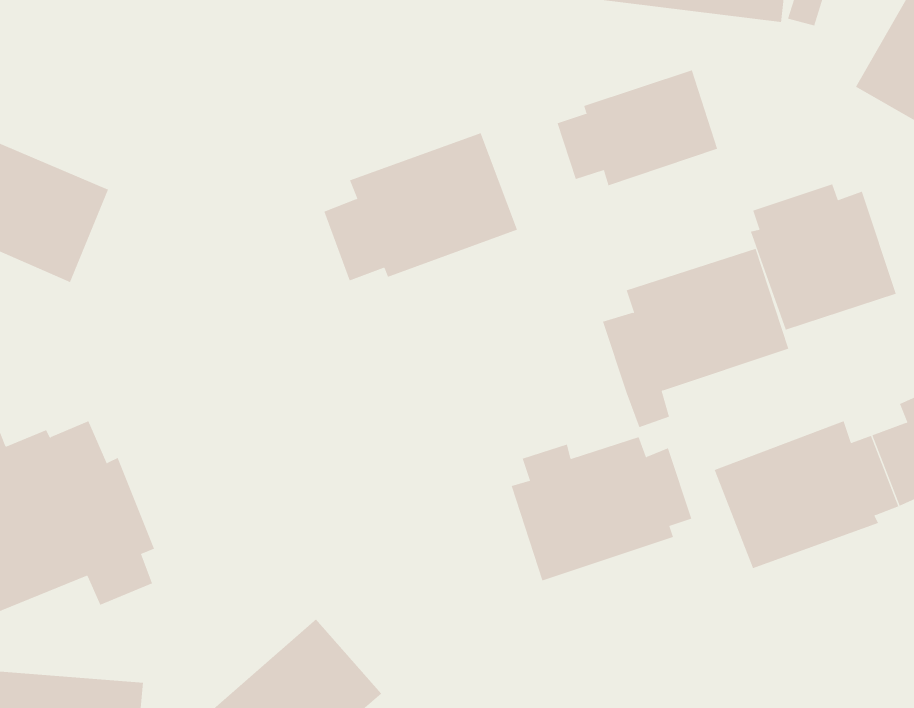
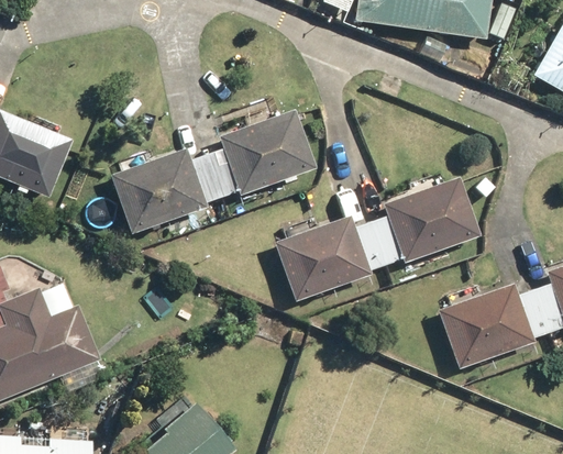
building: [557,69,718,186] -> none
building: [750,184,897,331] -> none
building: none -> [111,145,219,234]
building: [511,436,692,581] -> [276,214,385,301]

